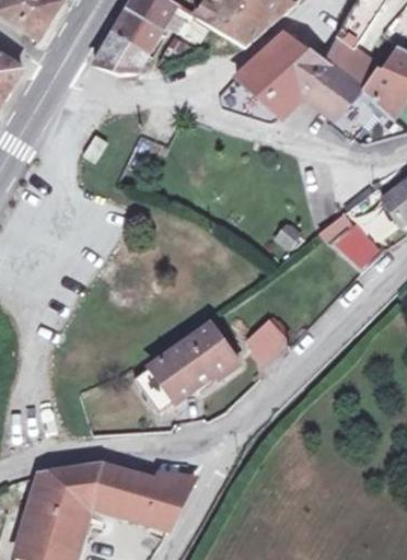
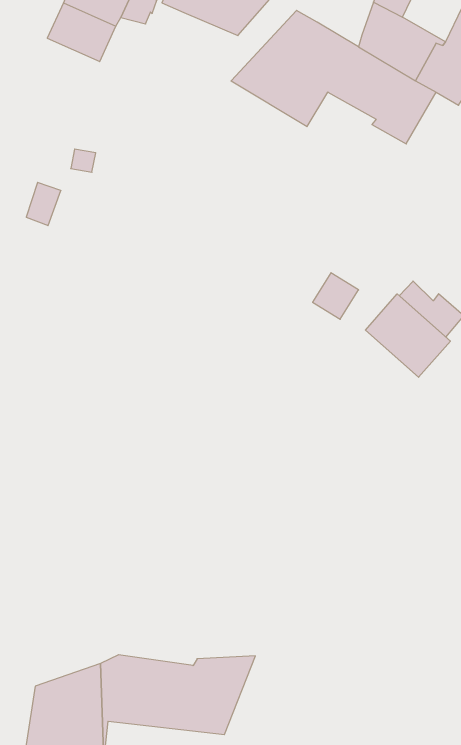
building: [92,31,144,73] -> none
building: none -> [365,294,450,377]
building: [239,314,288,362] -> none
building: [132,327,235,412] -> none

